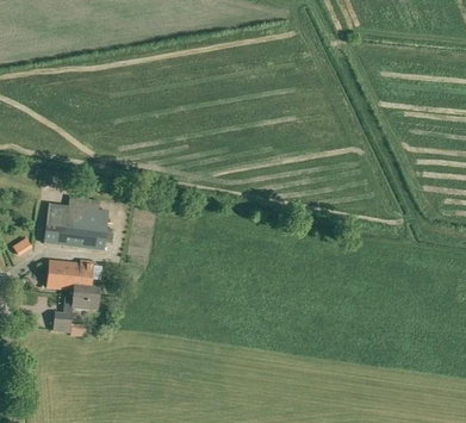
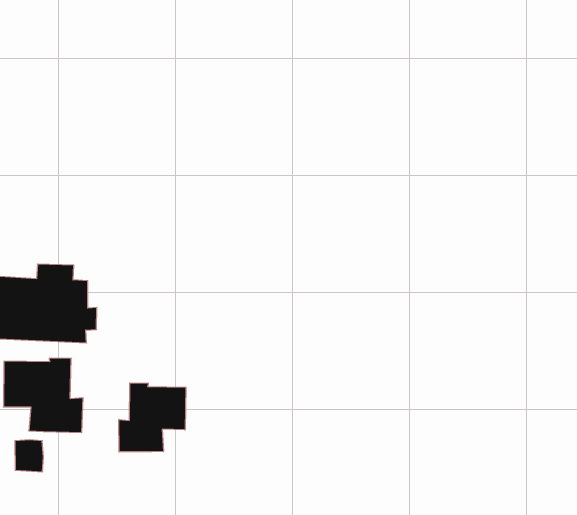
building: none -> [119,383,186,452]

